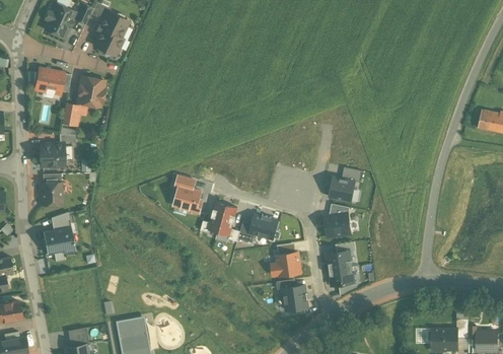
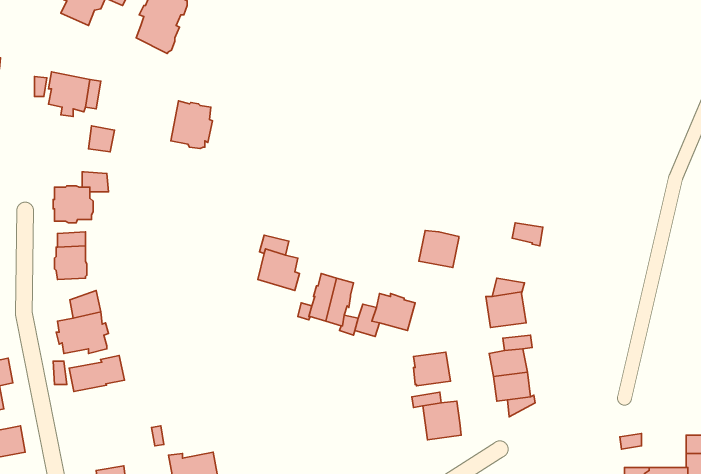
building: [77,76,104,108] -> [171,101,212,149]
building: [329,176,355,201] -> [419,230,459,267]
building: none -> [69,356,124,392]

